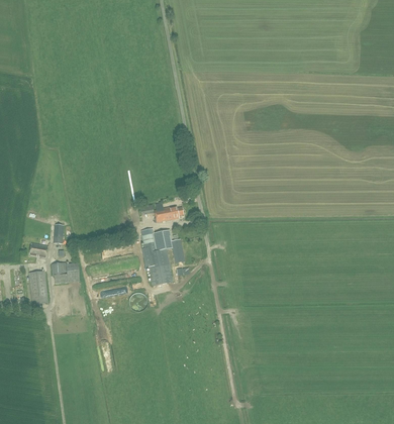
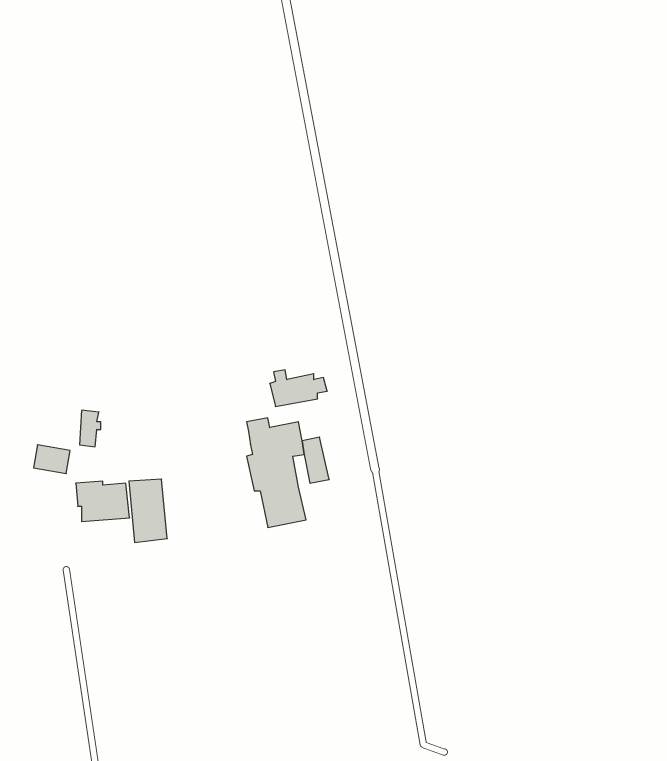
building: [28,271,48,304] -> [129,479,167,542]

